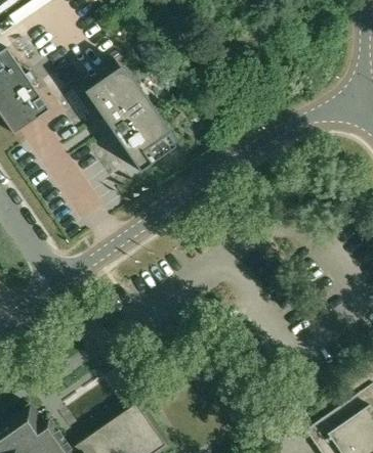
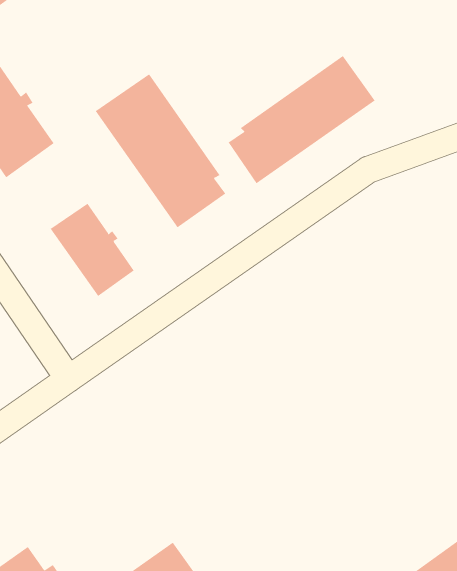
building: none -> [228,55,376,184]
building: none -> [50,203,135,297]

